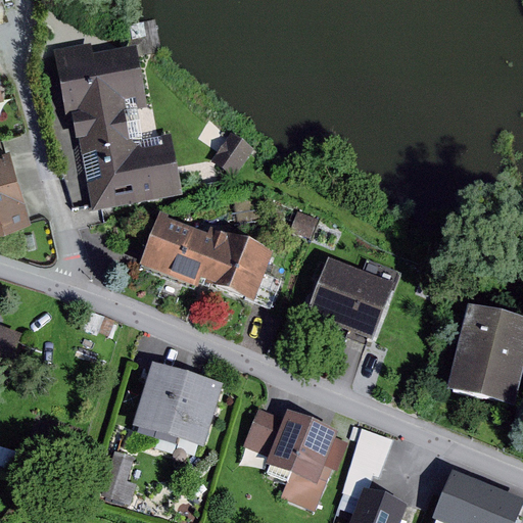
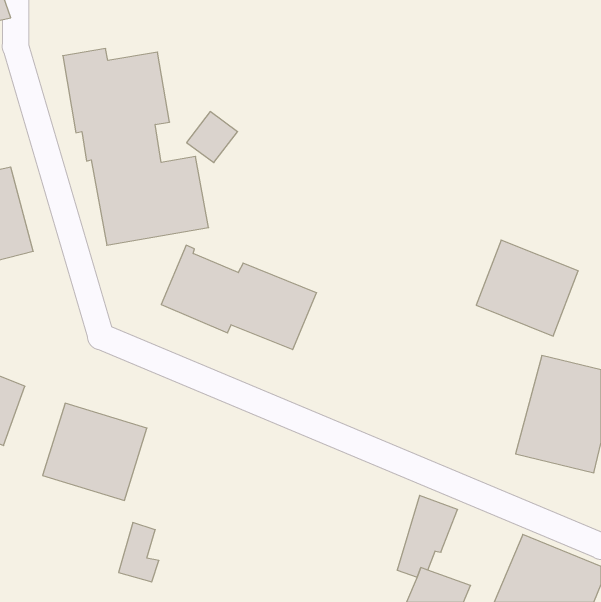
building: [210,132,254,176] -> [187,112,238,163]
building: [306,257,394,340] -> [476,240,578,336]
building: [132,364,222,447] -> [43,403,147,500]
building: [243,408,349,511] -> none

